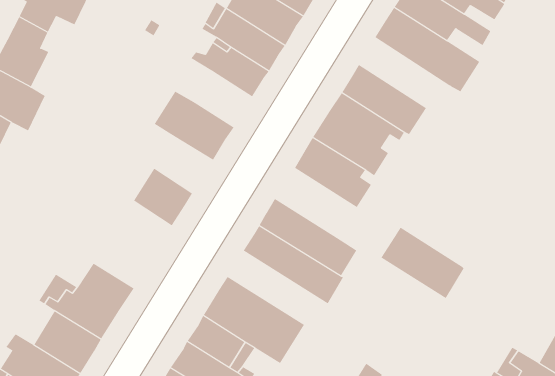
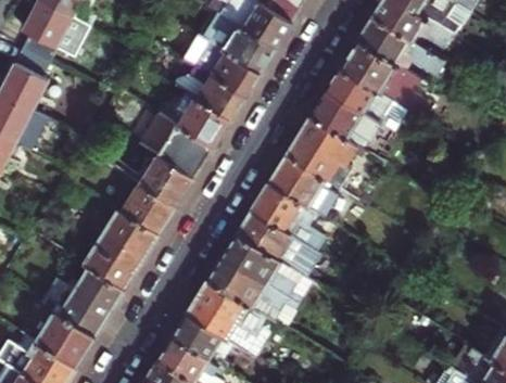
building: none -> [326,64,407,130]
building: none -> [179,94,231,144]
building: none -> [143,152,197,203]
building: none -> [85,206,160,288]
building: [381,227,465,299] -> [251,180,326,244]
building: none -> [208,254,299,324]

